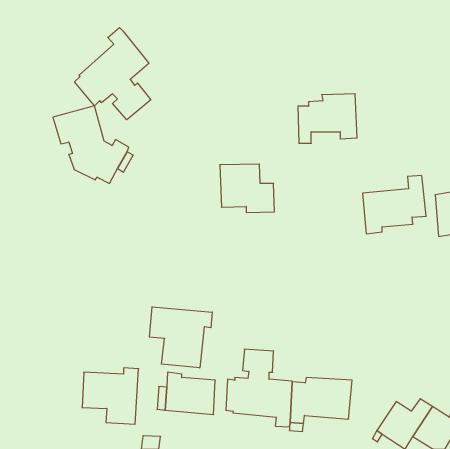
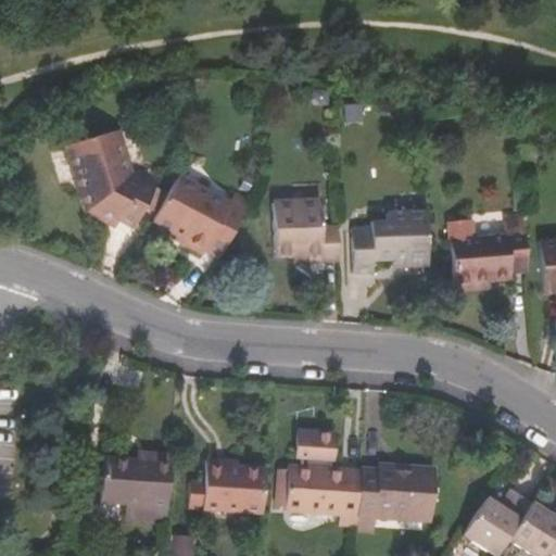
building: [75,28,151,120] -> none
building: [298,94,357,143] -> [357,213,430,274]
building: none -> [155,170,252,256]
building: [149,307,212,368] -> none

